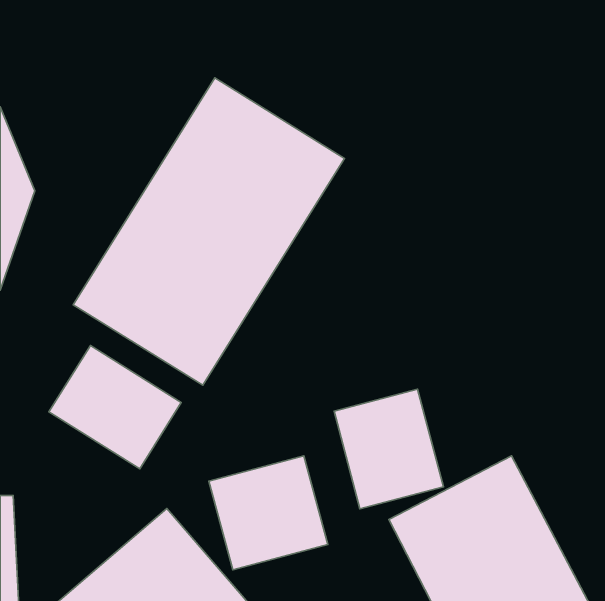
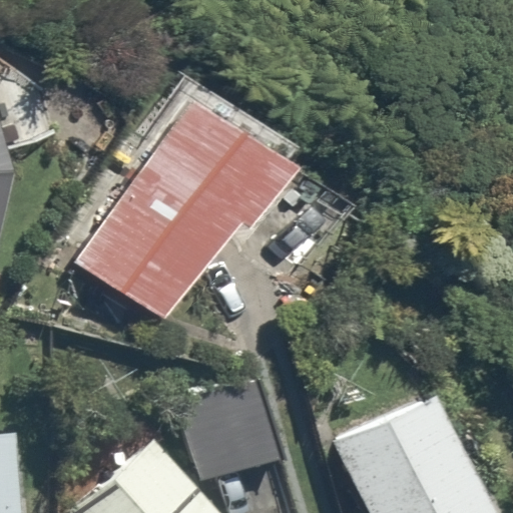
building: [49,345,181,469] -> none
building: [334,389,443,509] -> none

